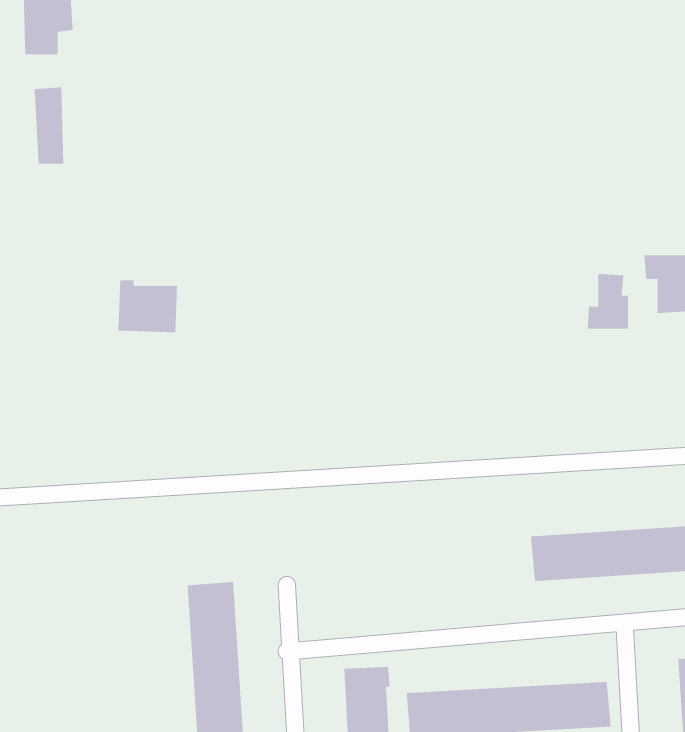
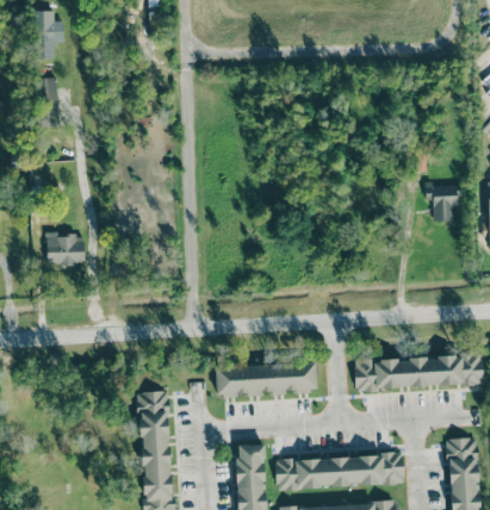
building: [587,273,628,330] -> none
building: [118,280,178,333] -> [48,232,86,266]
building: none -> [216,362,317,396]

